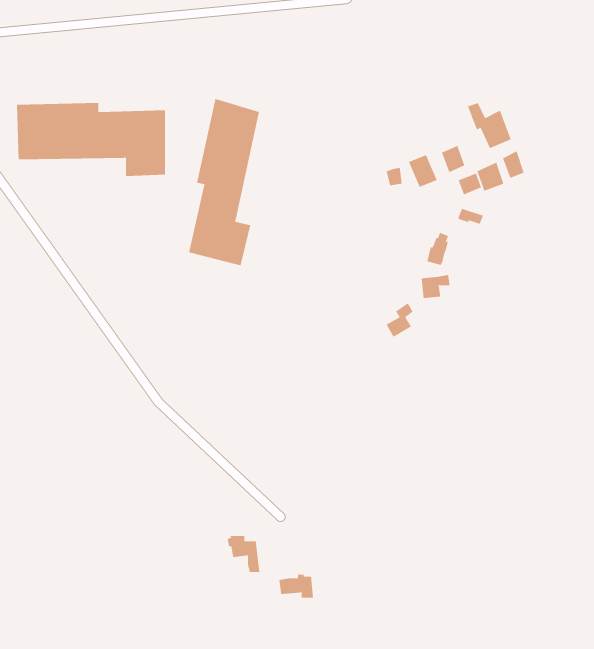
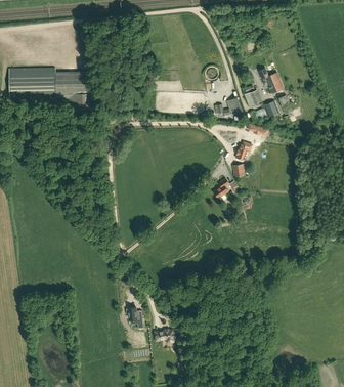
building: [189,98,259,266] -> none

